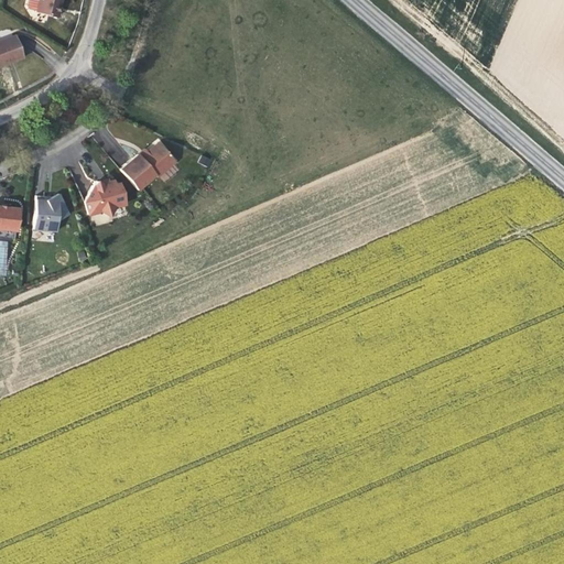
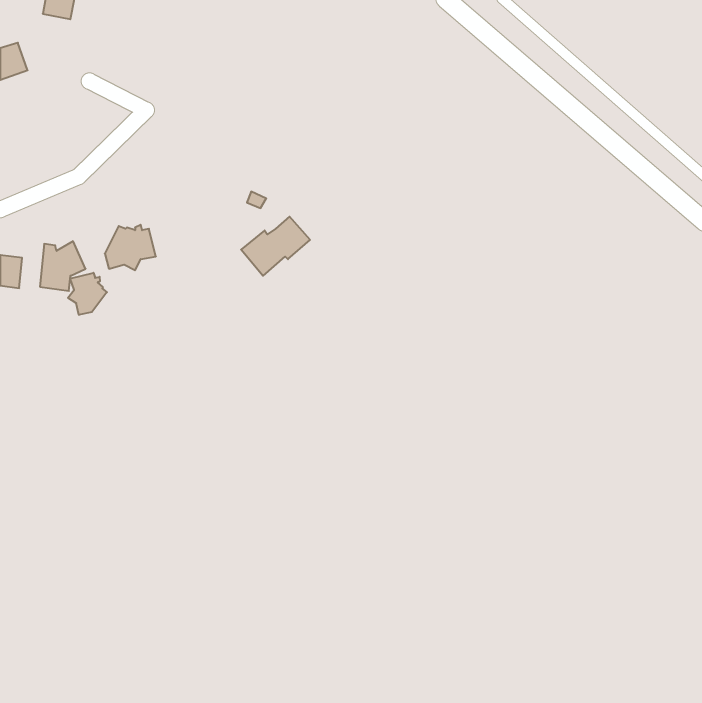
building: [120,141,175,188] -> [241,217,310,276]
building: none -> [68,273,107,315]

